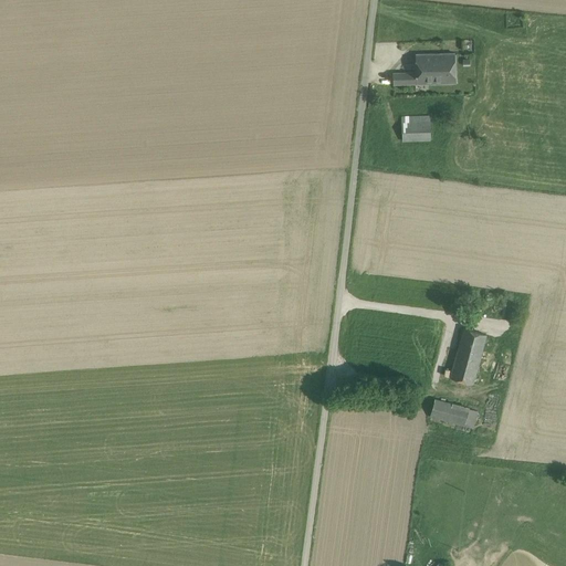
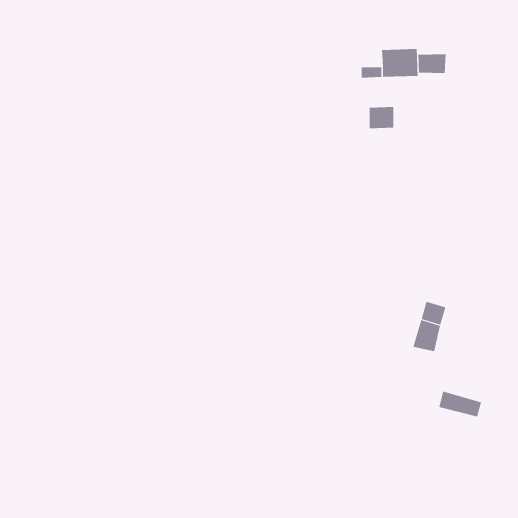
building: none -> [418,53,446,74]
building: [430,399,478,428] -> [438,391,482,417]

